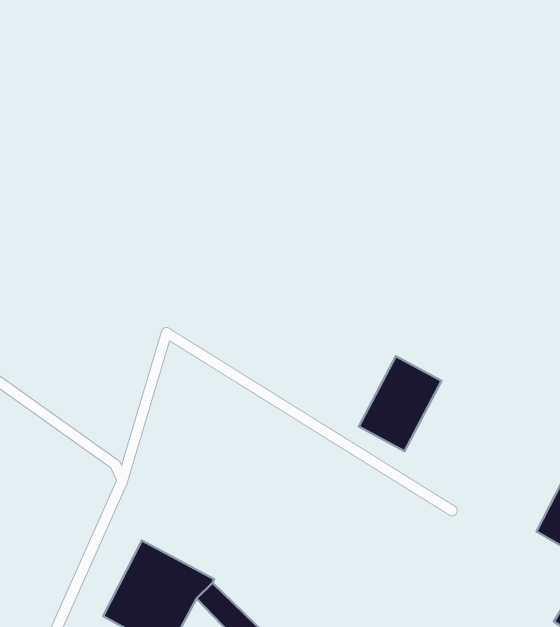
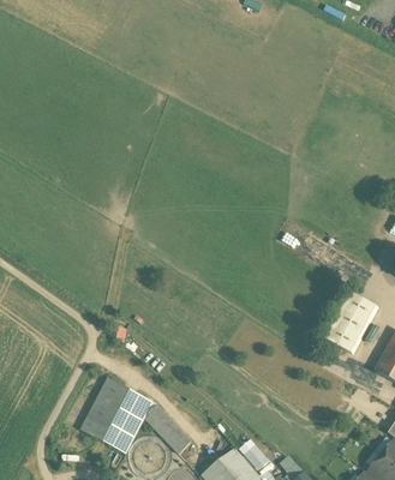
building: [359,356,442,451] -> [322,288,378,353]

